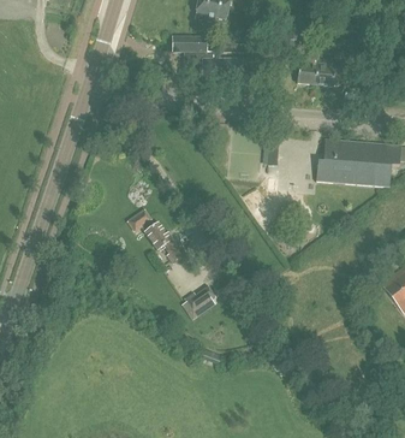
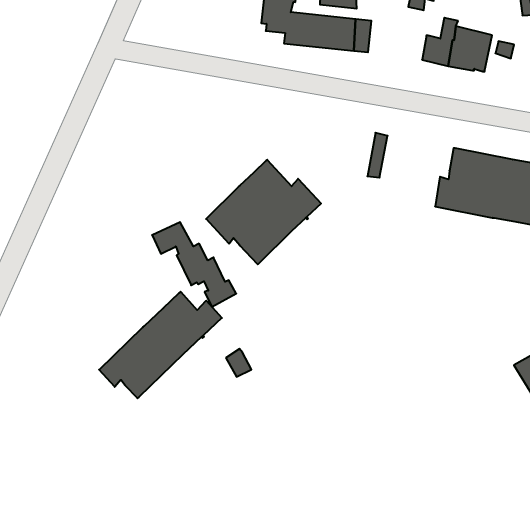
building: none -> [206,160,321,264]
building: none -> [99,292,222,398]

